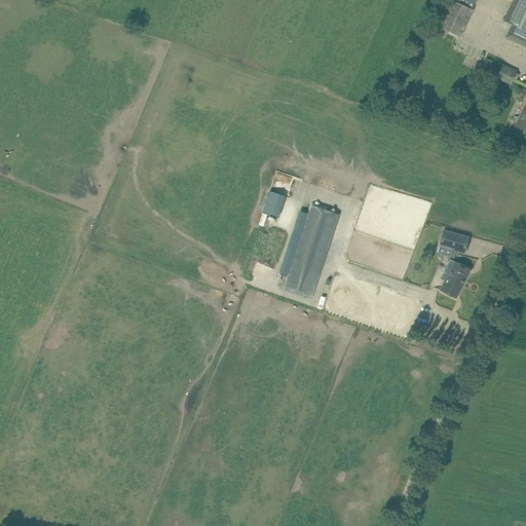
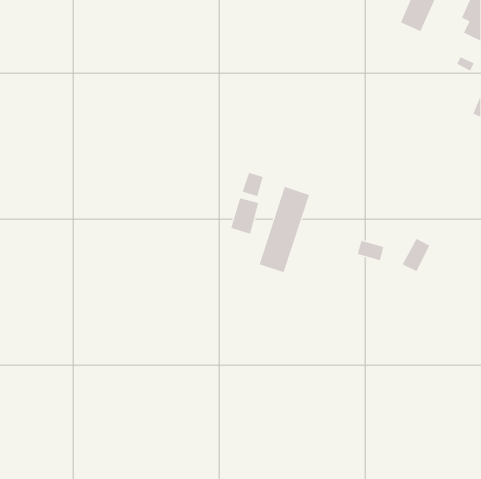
building: none -> [231,197,259,235]
building: [439,229,468,252] -> [357,240,384,261]

